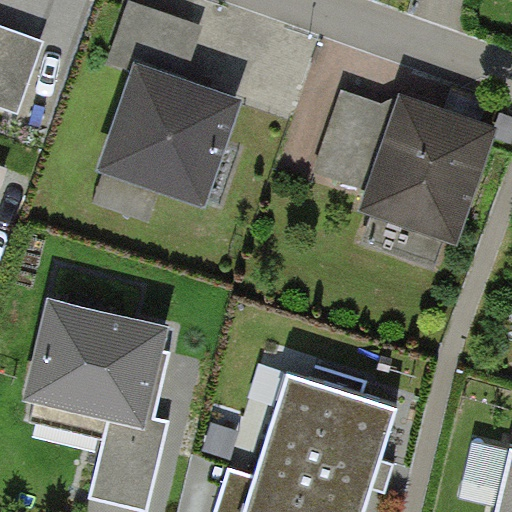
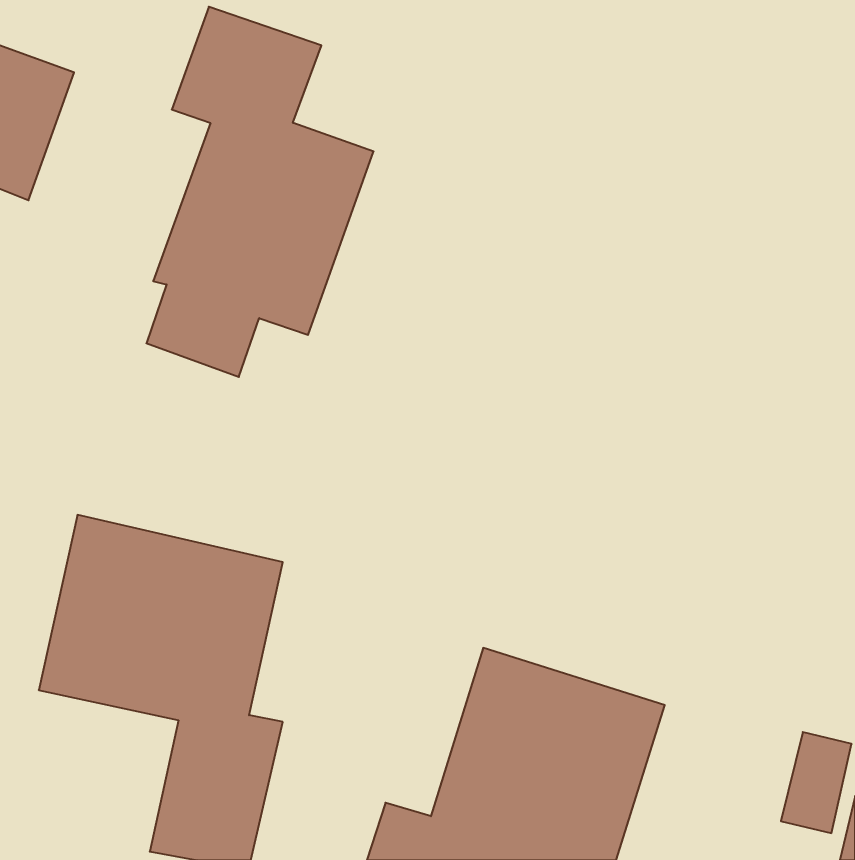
building: [325,93,493,237] -> none

